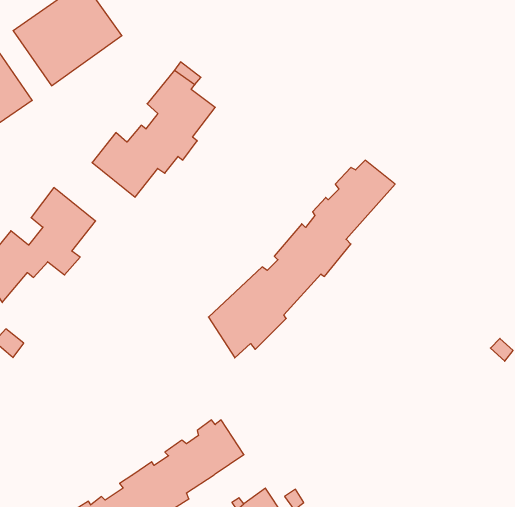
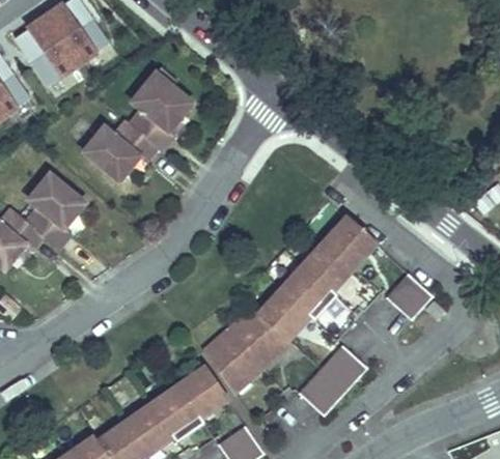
building: [208,160,395,358] -> [195,222,357,393]
building: none -> [391,275,438,321]
building: none -> [302,347,368,417]

